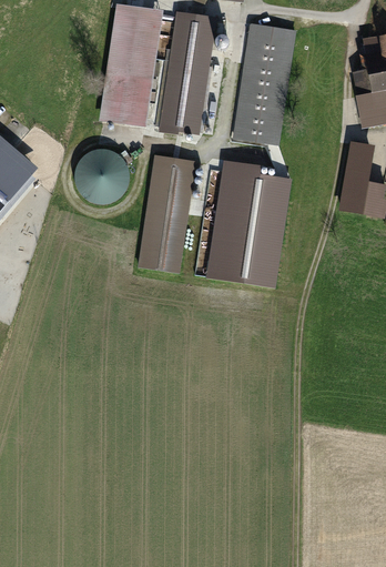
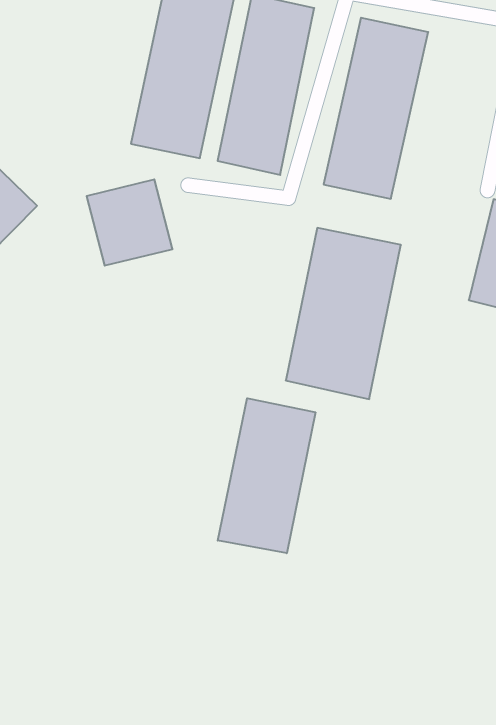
building: [138,154,195,271] -> none
building: none -> [218,398,315,553]

